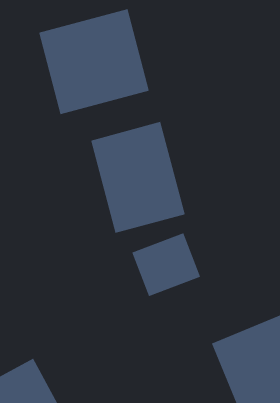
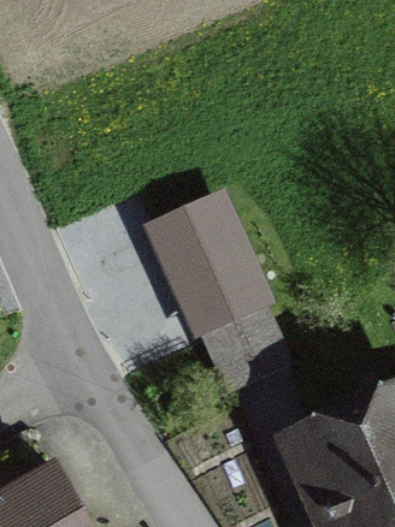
building: [38,8,150,115] -> none

